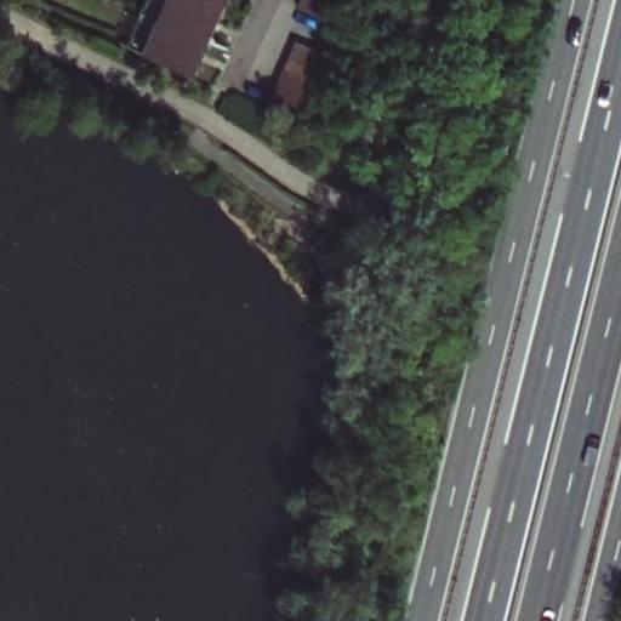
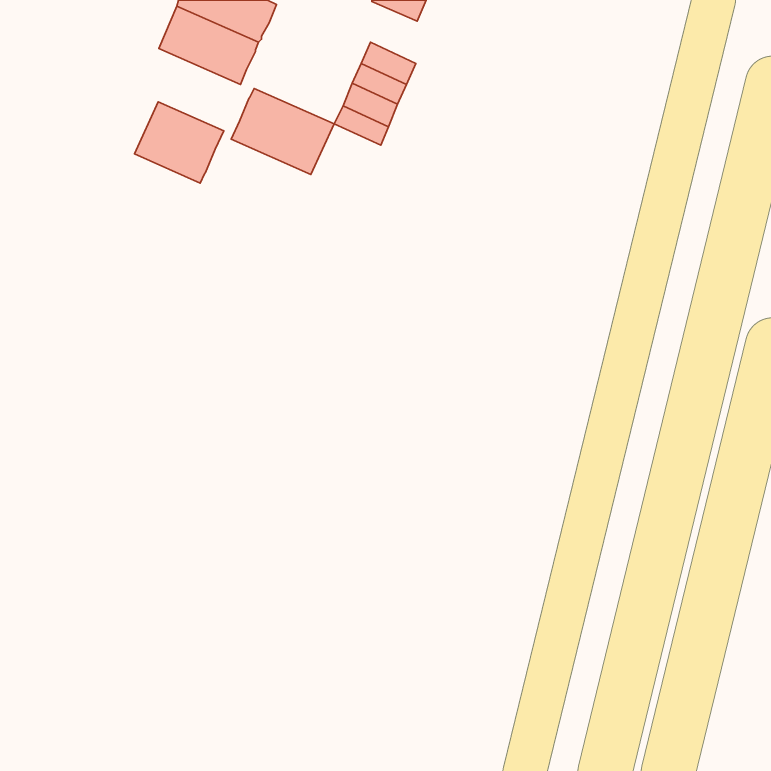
building: none -> [231,88,334,175]
building: none -> [134,102,224,183]

